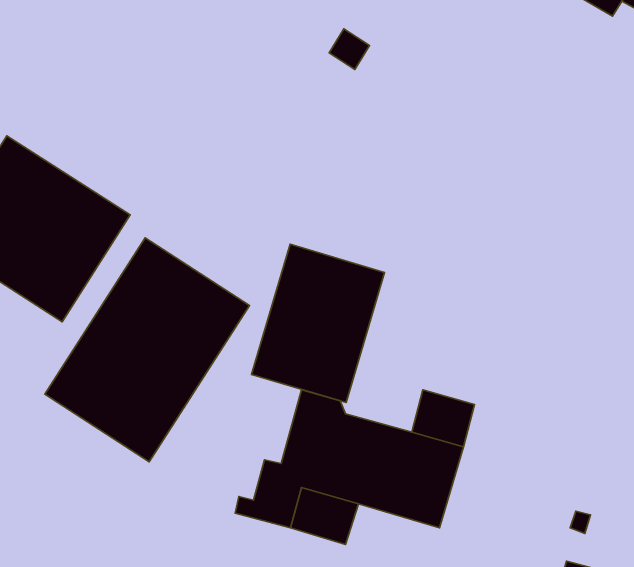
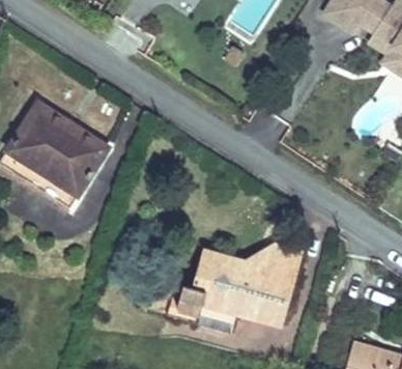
building: [45,238,250,462] -> none
building: [252,244,385,403] -> none

